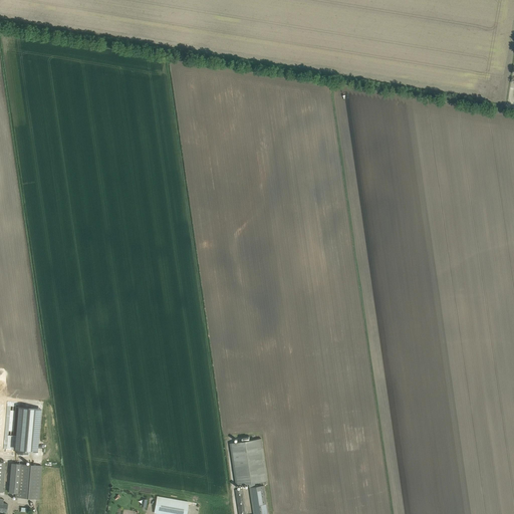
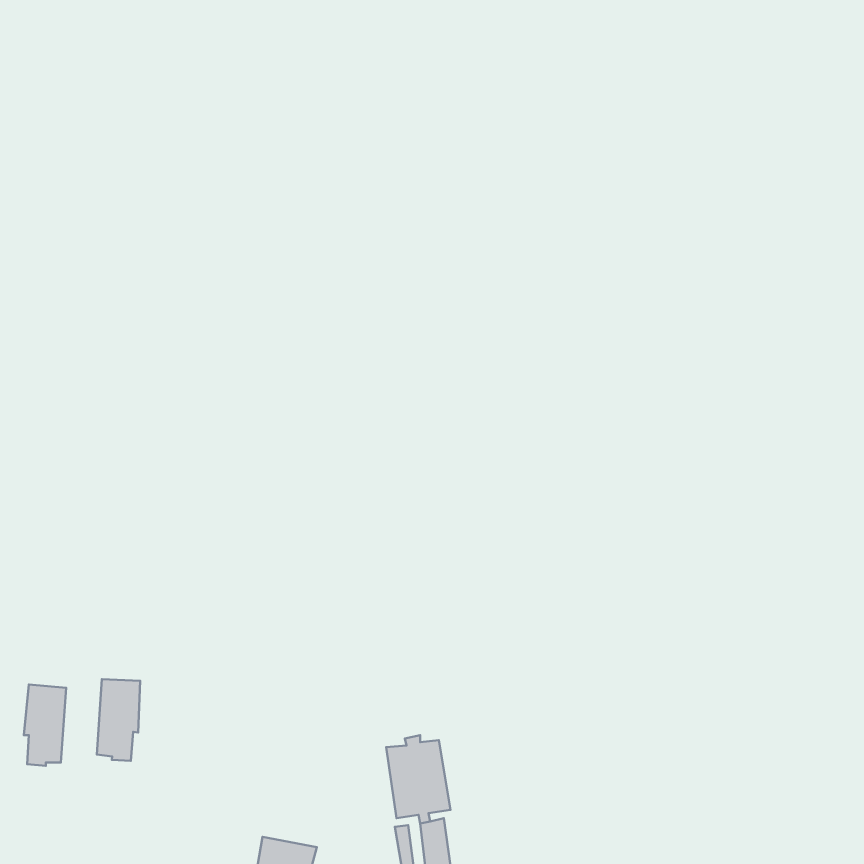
building: none -> [97,679,140,761]
building: [8,464,41,500] -> none

